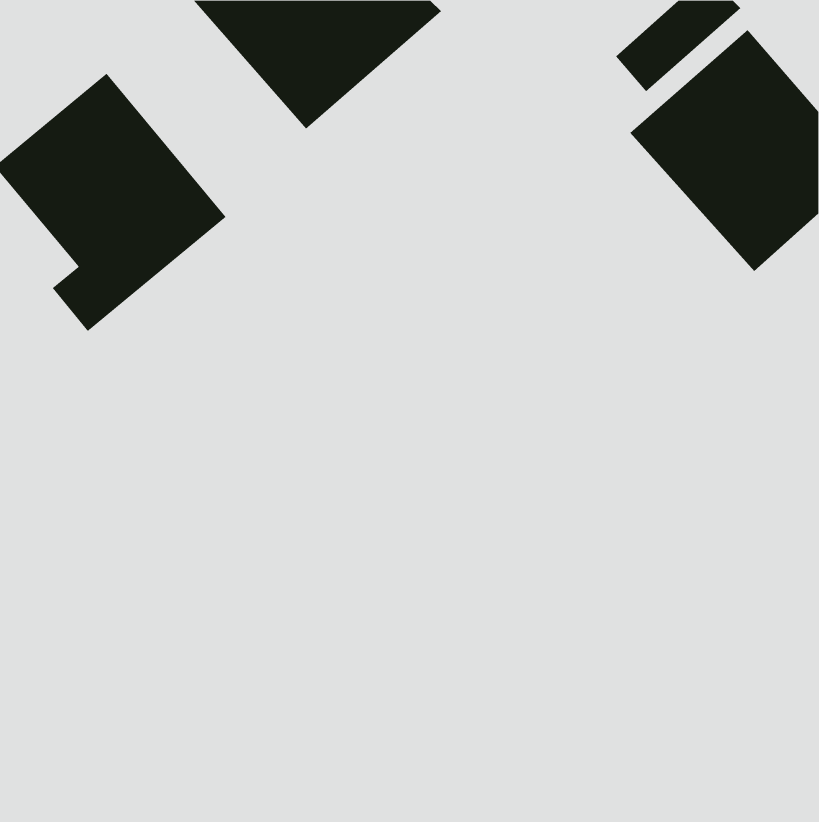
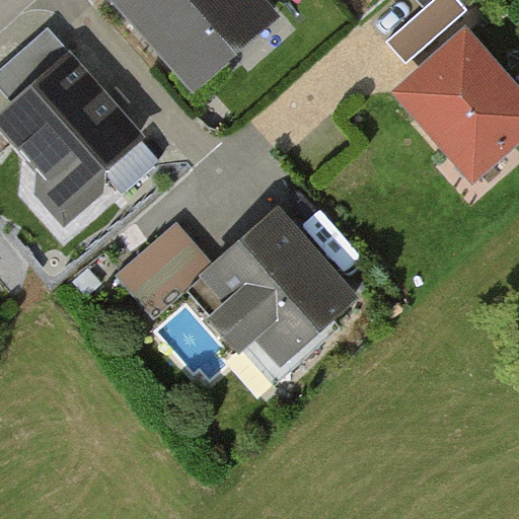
building: none -> [114,216,351,366]

